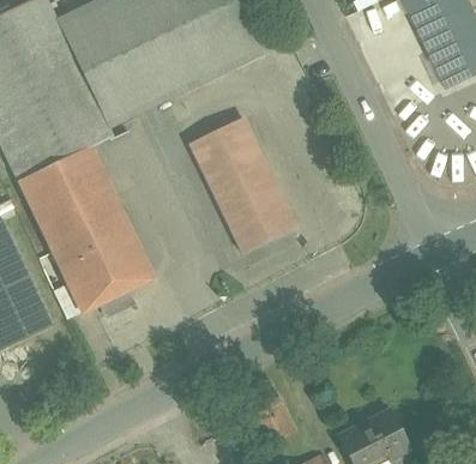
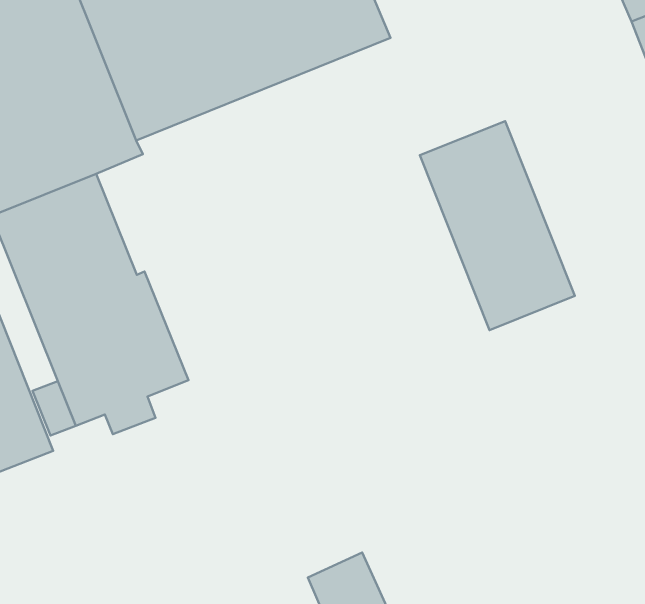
building: [188,116,293,249] -> [420,121,575,330]

